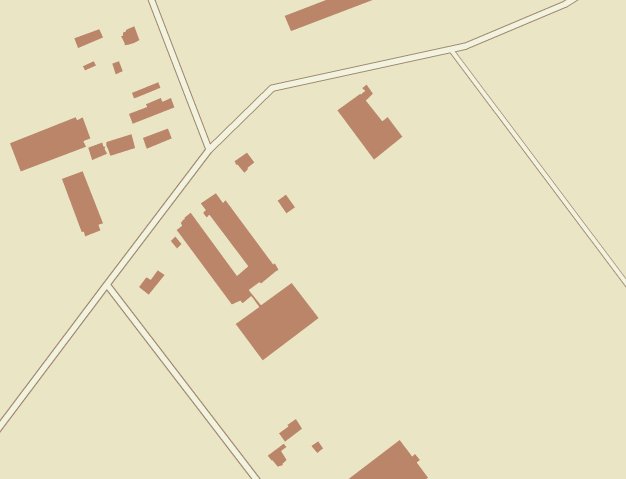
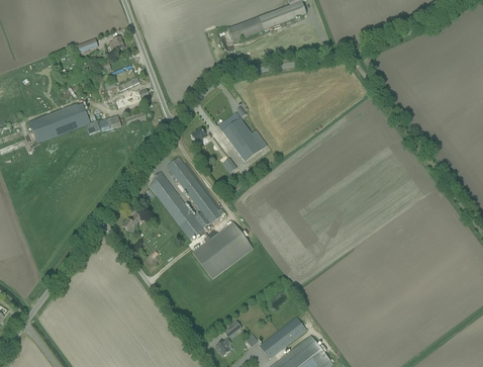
building: [336,84,403,161] -> [217,106,266,162]
building: [61,170,104,238] -> none
building: none -> [259,316,305,358]

